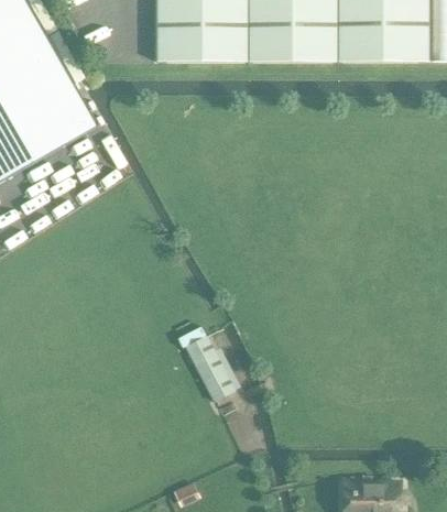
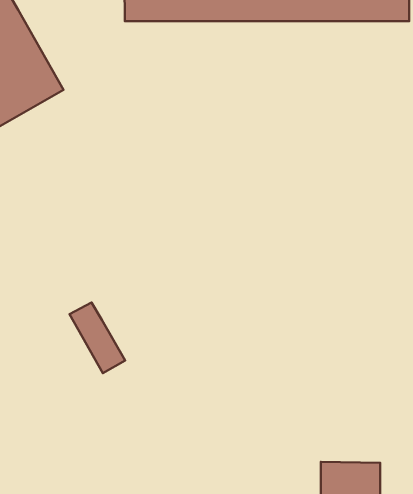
building: [182,333,235,400] -> [69,302,125,373]

